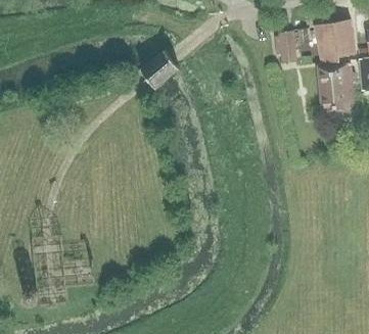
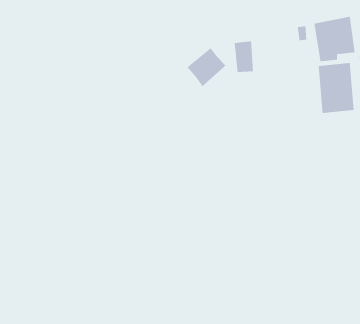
building: [278,31,297,62] -> [234,40,254,73]
building: [140,50,179,89] -> [187,47,226,87]

